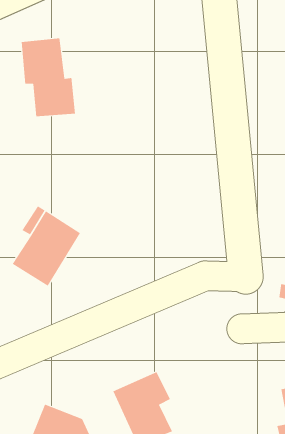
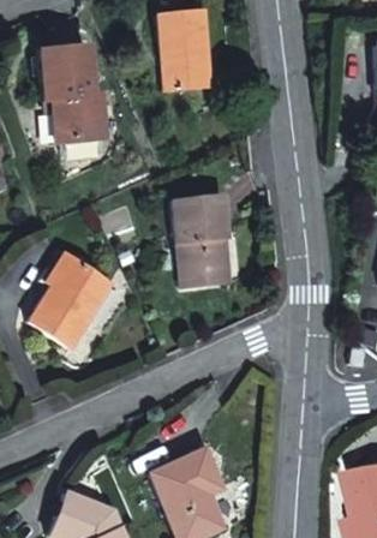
building: none -> [157,10,210,88]
building: none -> [172,195,227,286]

